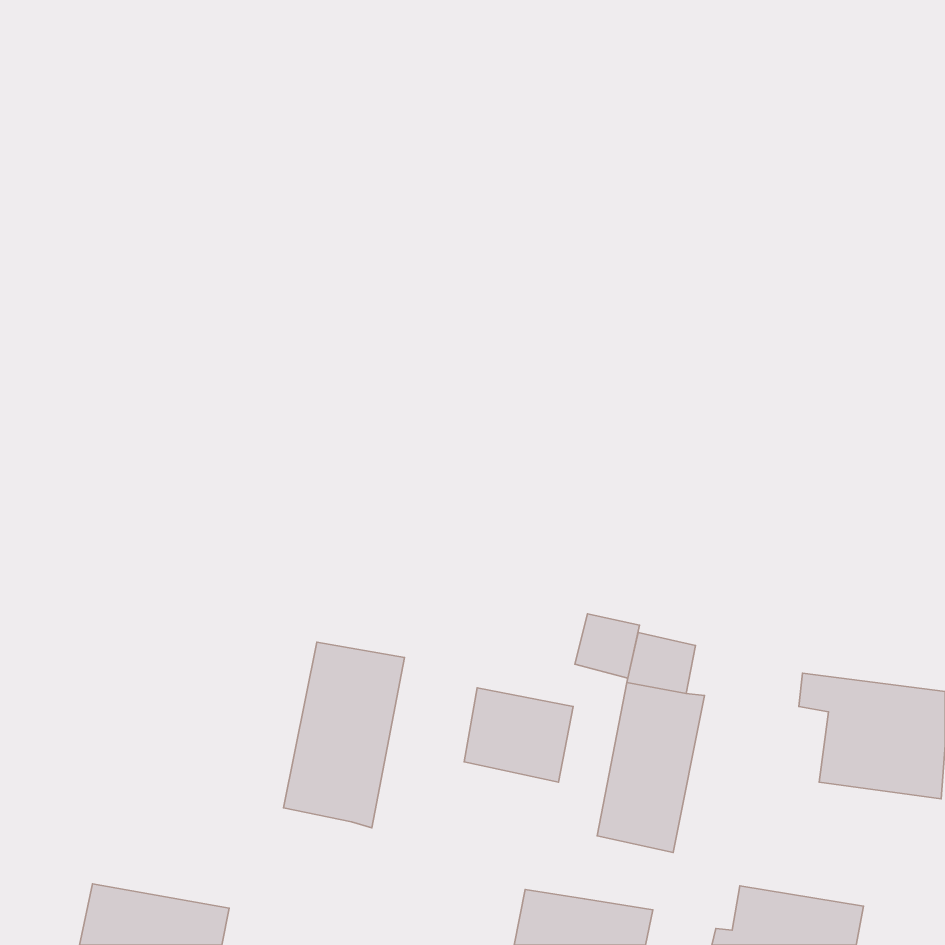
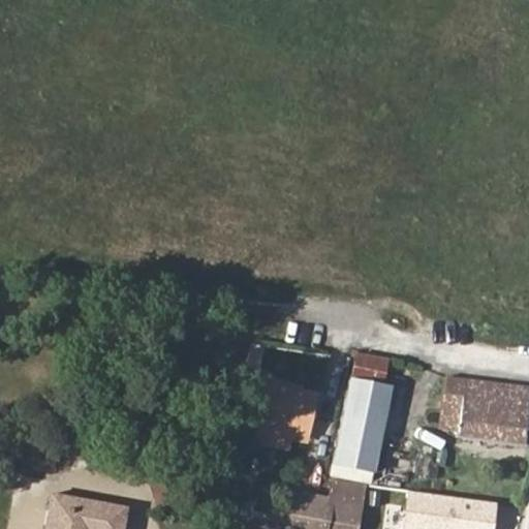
building: [575,614,640,678] -> none
building: [284,642,405,828] -> none
building: none -> [326,481,368,508]

